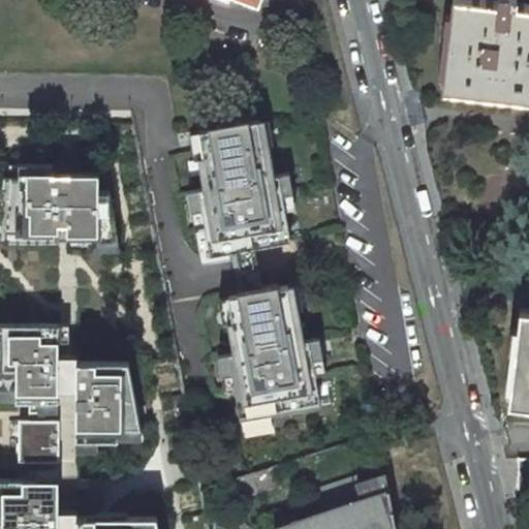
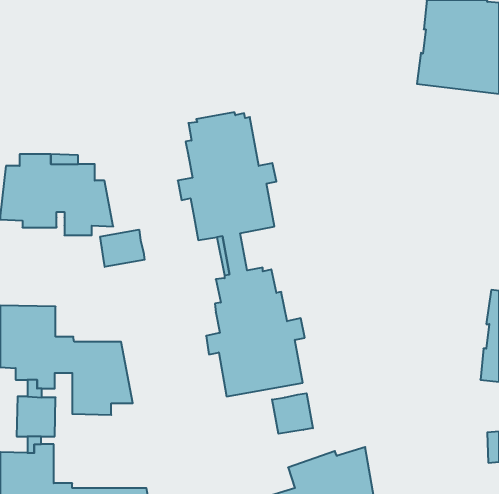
building: none -> [100,230,145,267]
building: none -> [272,393,313,434]

